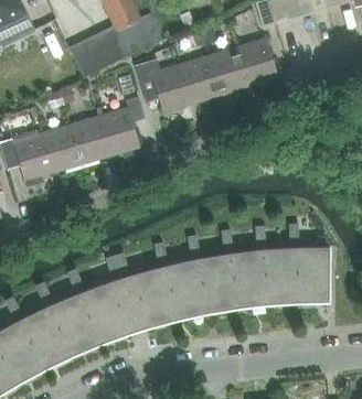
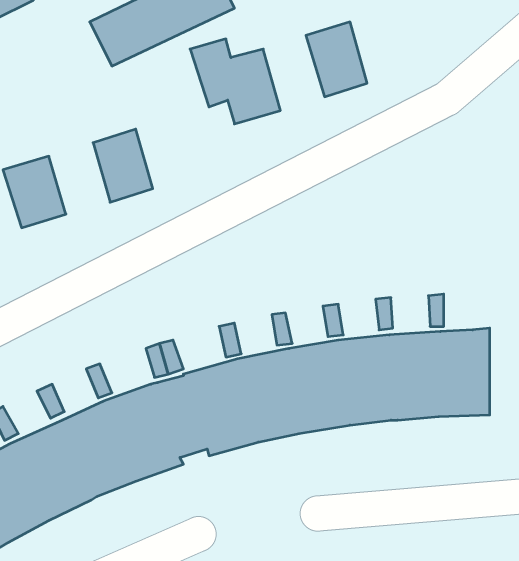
building: [237,39,278,87] -> none
building: [181,56,221,105] -> none
building: [98,97,145,157] -> none
building: [42,126,82,172] -> none

